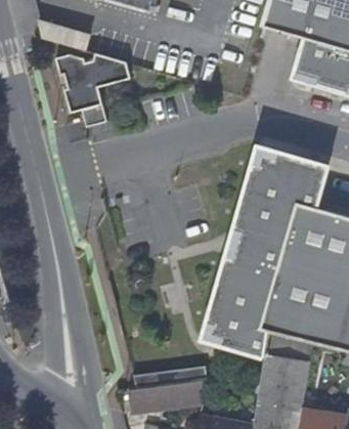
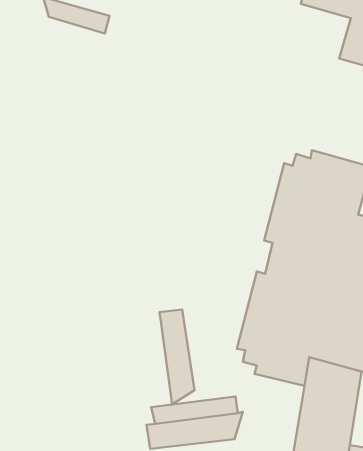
building: [57,55,135,128] -> none
building: none -> [160,310,194,405]

